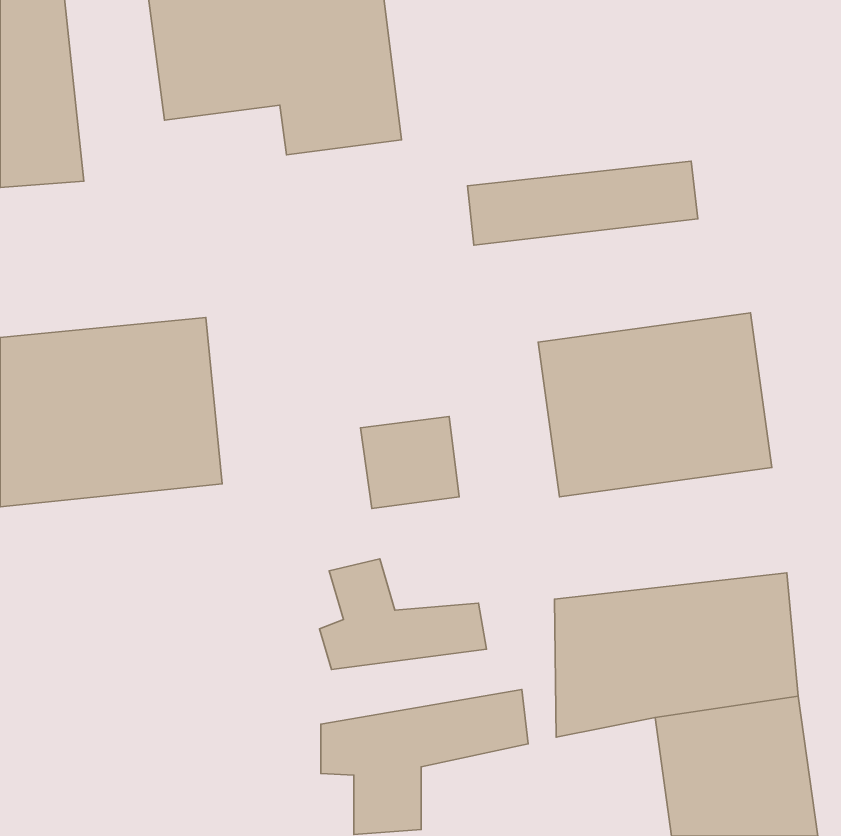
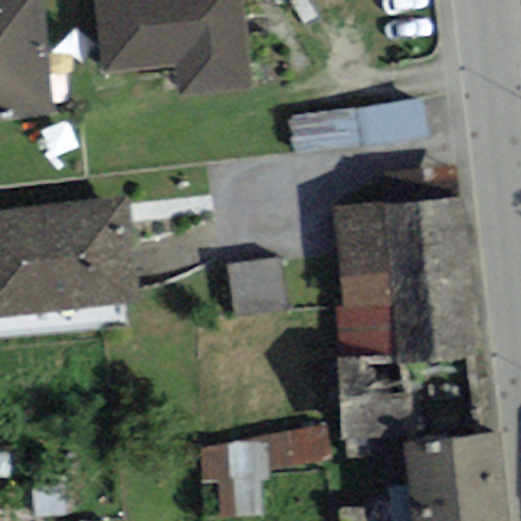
building: none -> [335,289,486,370]
building: [320,559,487,669] -> none

